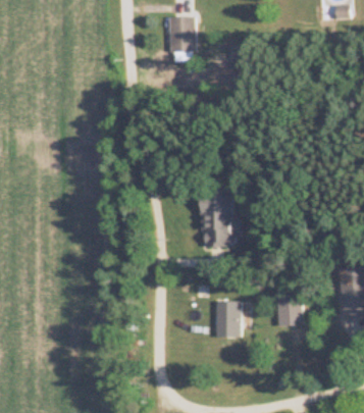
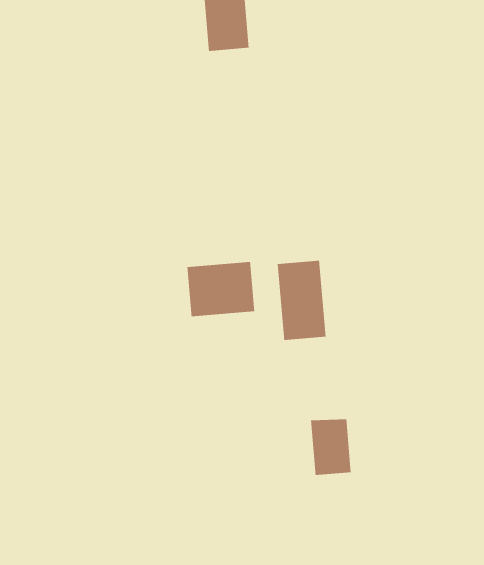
building: none -> [187,261,255,317]
building: [277,296,302,326] -> none

